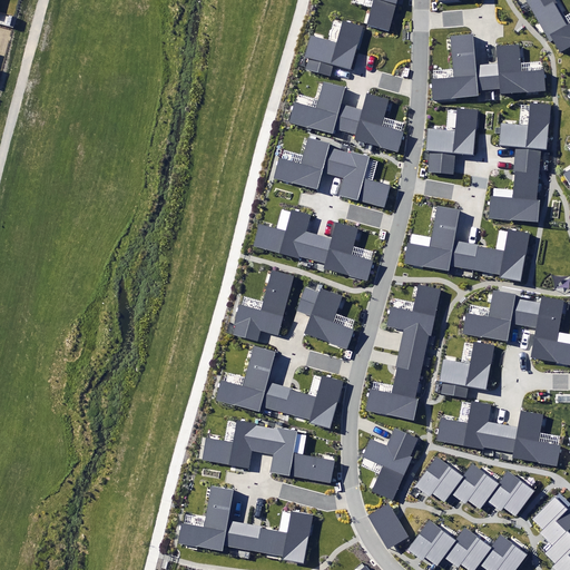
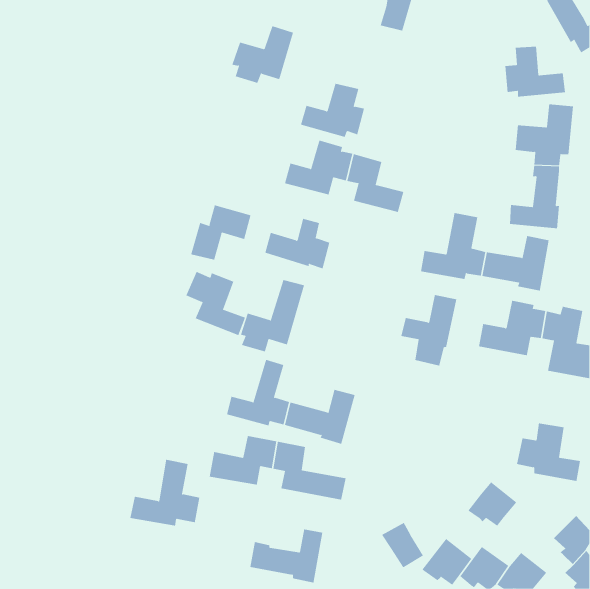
building: [304,18,364,73] -> [231,26,294,83]
building: [432,33,489,98] -> none
building: [345,91,402,149] -> none
building: [425,107,478,174] -> none
building: none -> [191,205,251,261]
building: [312,220,374,281] -> none
building: [296,285,354,347] -> [186,271,246,336]
building: [440,341,493,396] -> none
building: [367,347,424,417] -> none
building: [436,399,503,448] -> none
building: [363,428,419,500] -> none
building: [414,456,463,502] -> none
building: [487,472,532,513] -> none
building: [177,485,245,550] -> [130,459,200,526]

